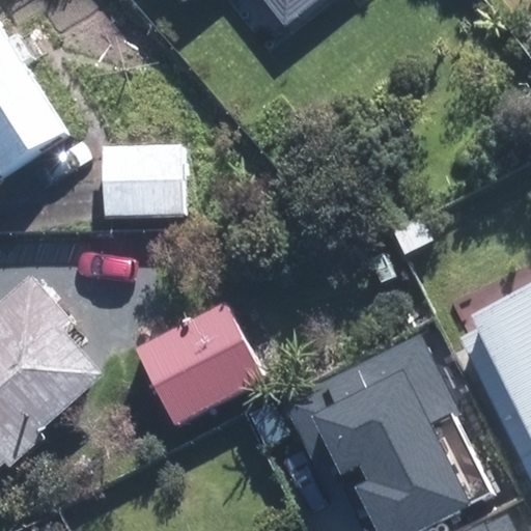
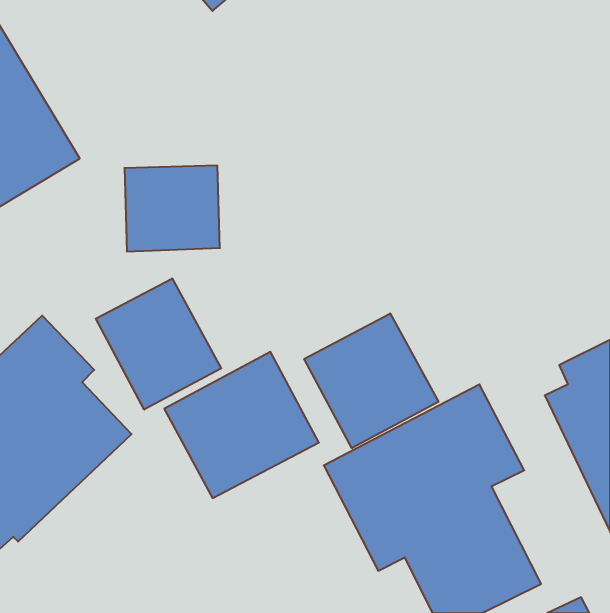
building: none -> [96,278,221,410]
building: none -> [304,313,438,448]

